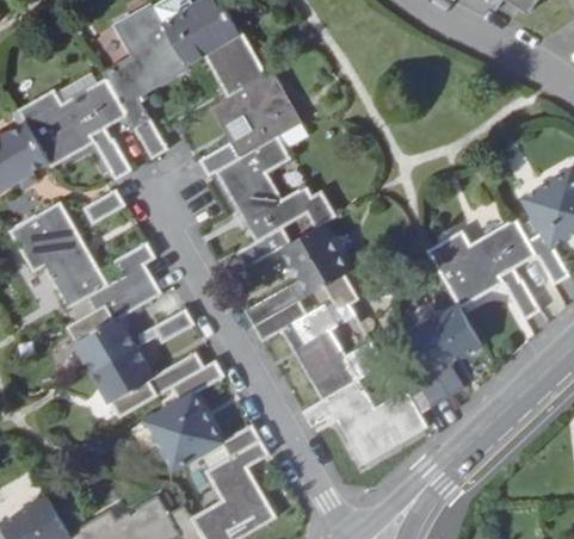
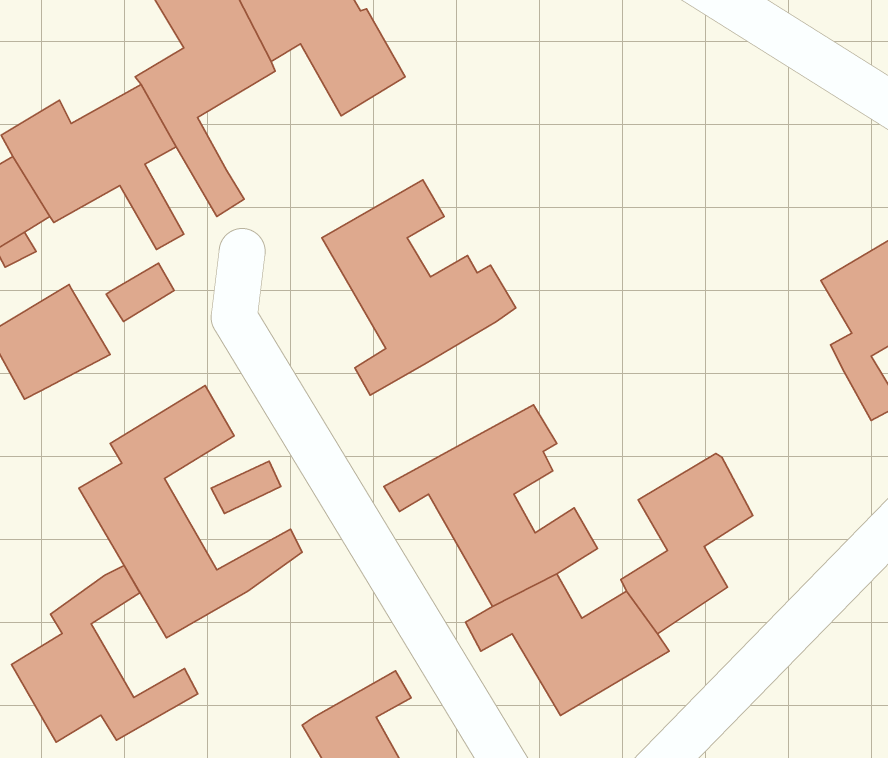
building: [197,68,302,176] -> none
building: [427,216,539,320] -> none
building: [245,223,348,324] -> none
building: [42,241,154,309] -> none
building: [146,359,260,467] -> [12,566,198,742]

